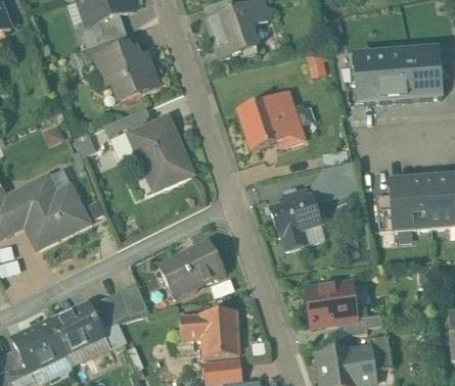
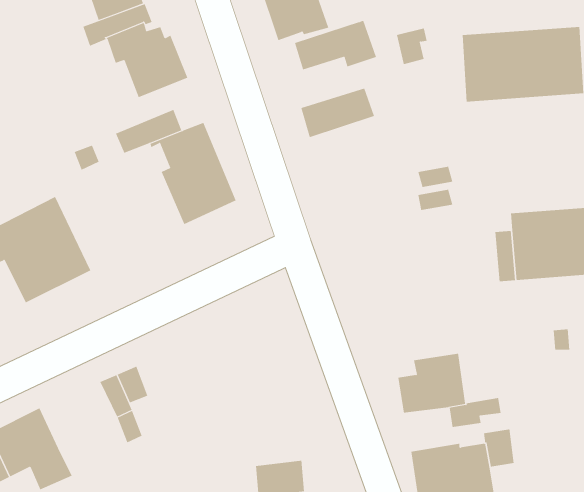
building: [244,110,304,146] -> [294,20,377,70]
building: [271,190,321,248] -> none
building: [160,238,225,286] -> none
building: [120,282,147,313] -> none
building: [51,301,109,357] -> none
building: [181,308,240,355] -> none

